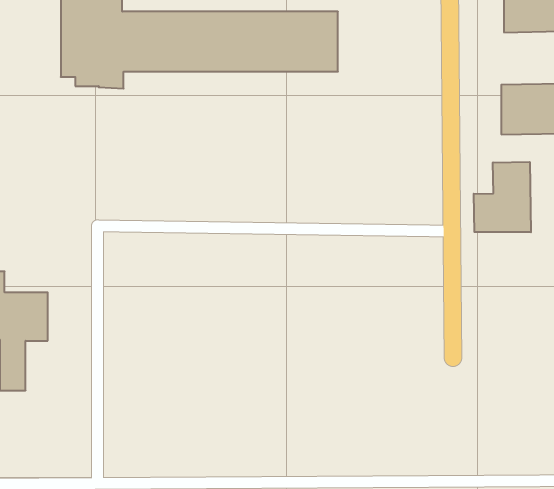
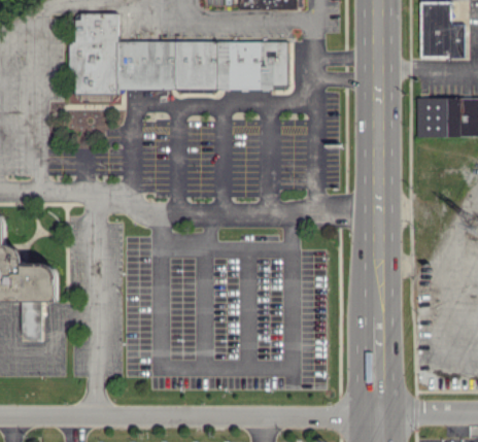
building: [474,162,531,232] -> none

